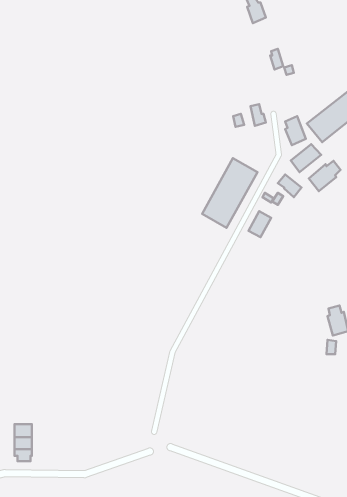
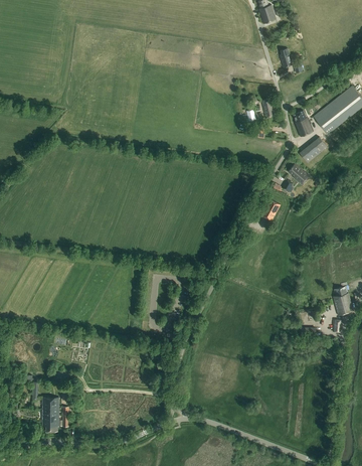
building: [202,158,257,228] -> none
building: [309,161,340,191] -> none

